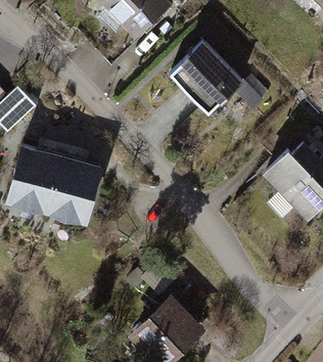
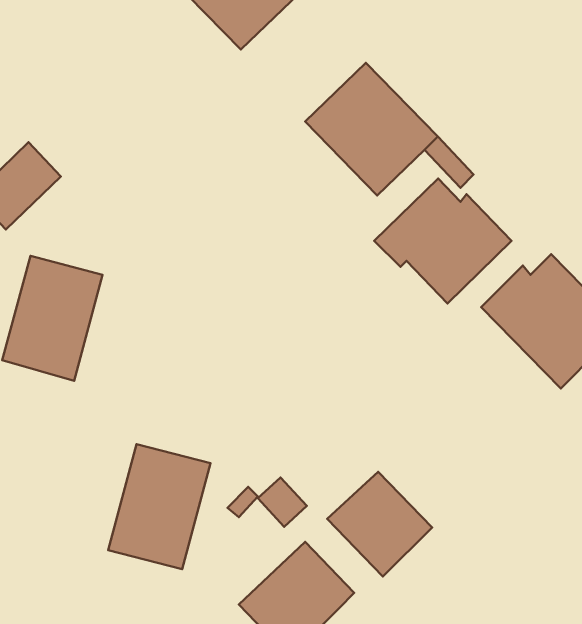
building: none -> [374,178,511,303]
building: [46,155,101,223] -> [108,444,210,569]
building: none -> [327,472,432,576]

